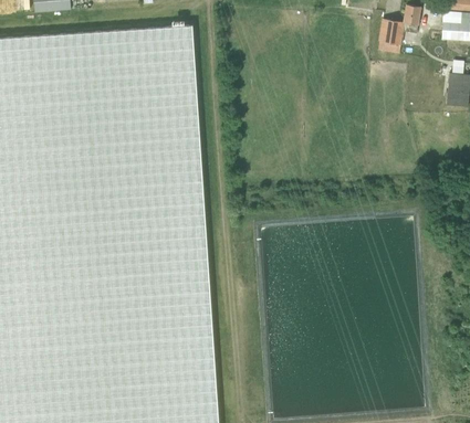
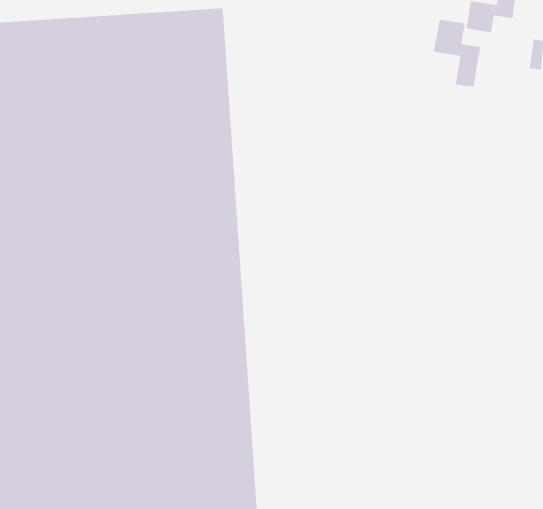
building: none -> [433,19,481,87]

